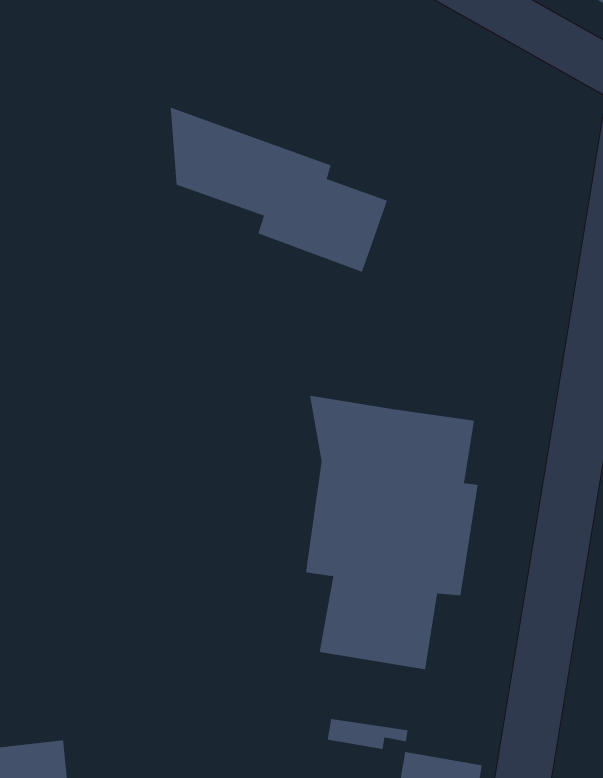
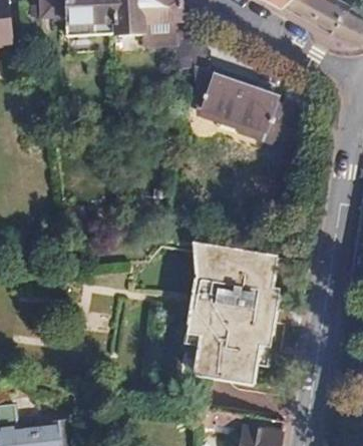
building: [170,107,388,272] -> [195,66,307,151]

